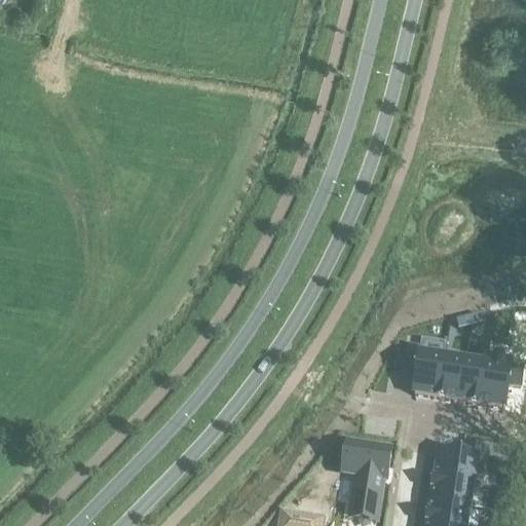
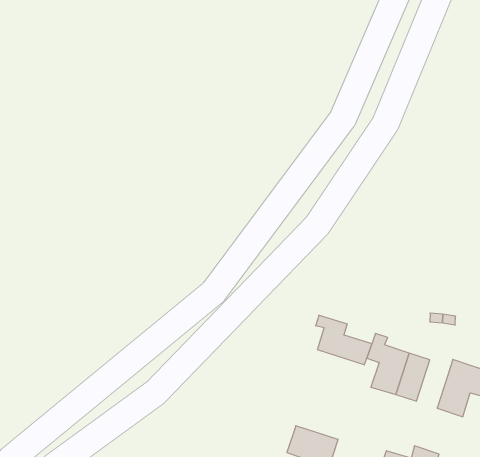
building: none -> [316,315,372,365]
building: [456,356,483,401] -> none

